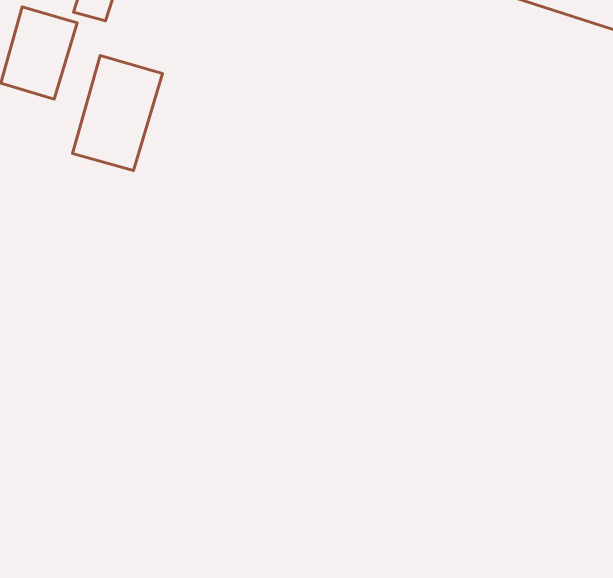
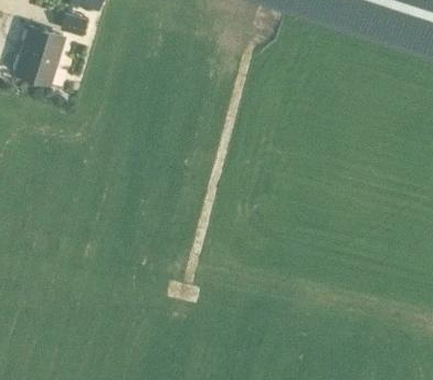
building: [73,55,162,170] -> none

